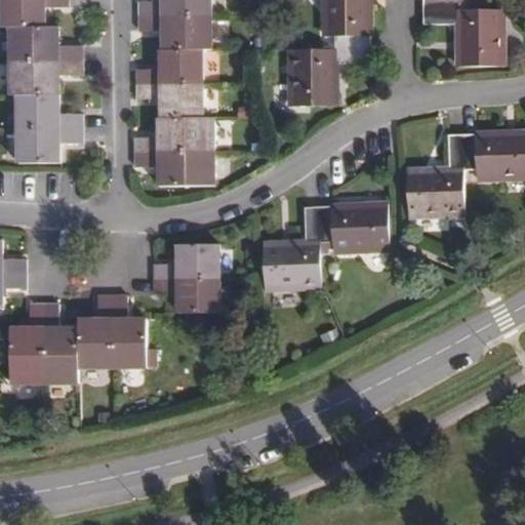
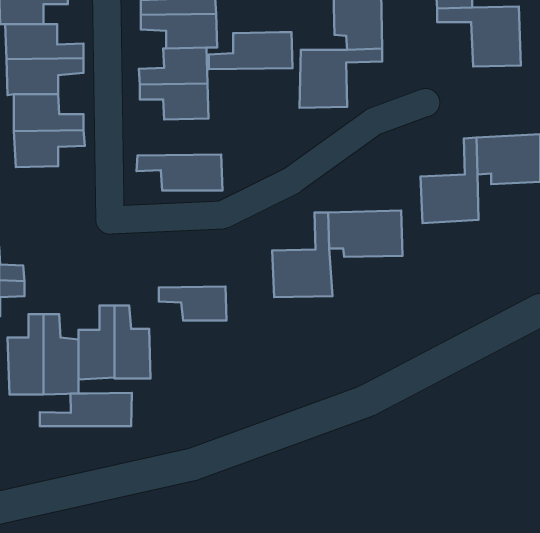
building: [133,115,214,151] -> [209,32,293,69]
building: [153,243,218,279] -> none
building: none -> [40,393,132,426]

